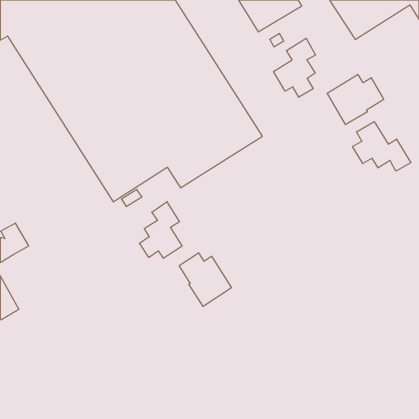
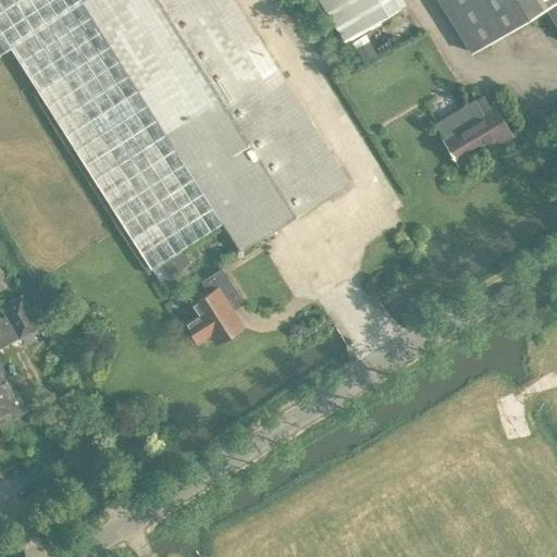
building: [274,38,316,97] -> none
building: [353,122,411,171] -> none
building: [179,253,231,306] -> none

